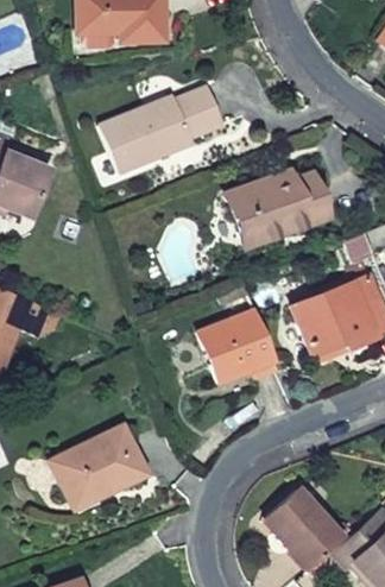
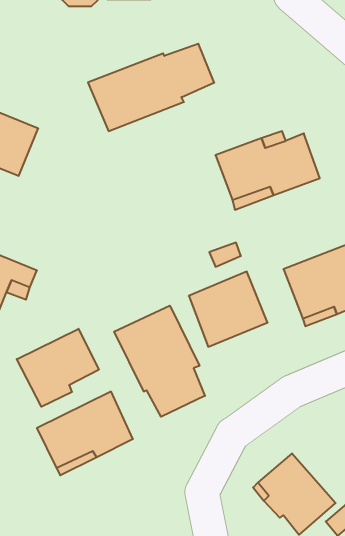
building: none -> [114,306,205,417]
building: none -> [17,329,99,407]

